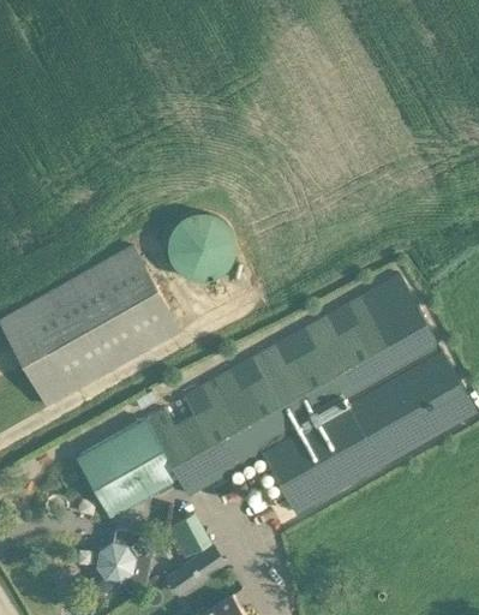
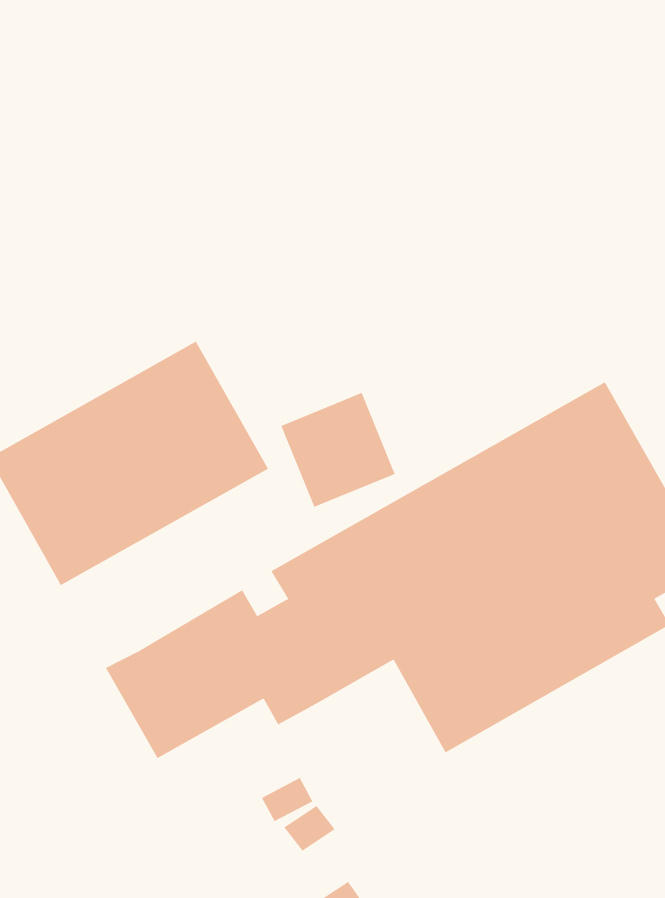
building: [173,209,247,283] -> [280,392,396,507]
building: [96,529,151,595] -> none

